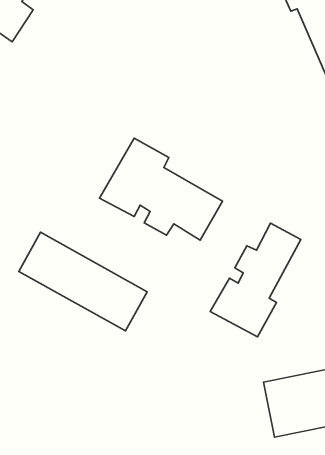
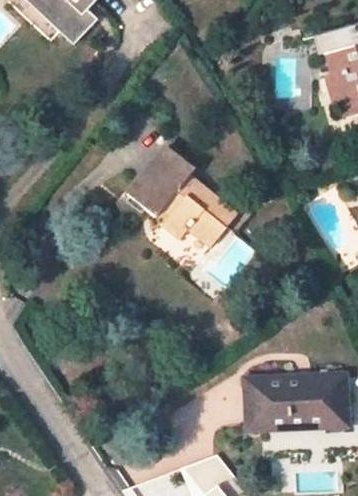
building: [210,223,301,337] -> none
building: [19,232,147,331] -> none

